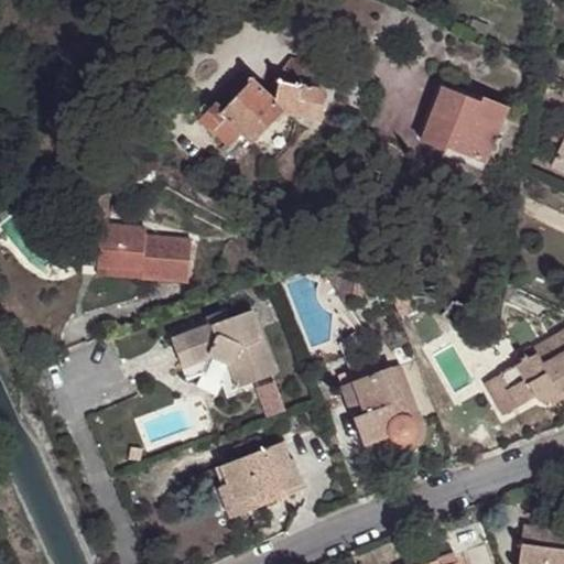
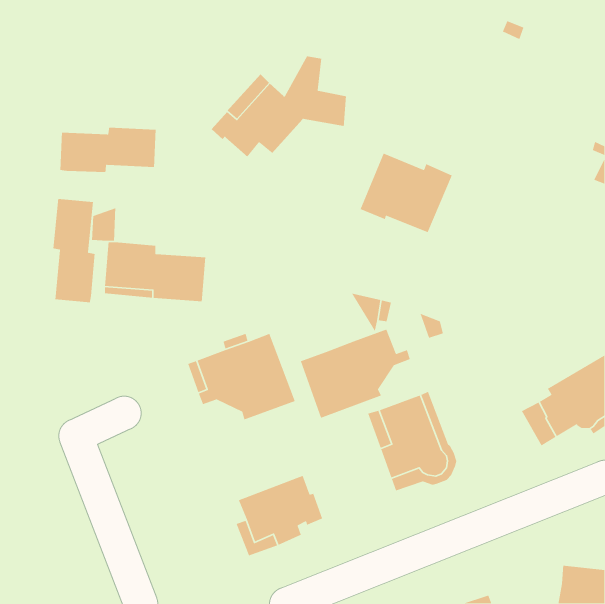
building: [421,87,508,162] -> [359,153,453,233]
building: none -> [59,127,156,173]
building: none -> [53,198,95,303]
building: none -> [300,329,411,419]

